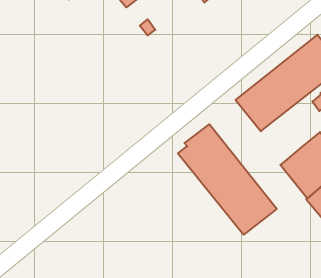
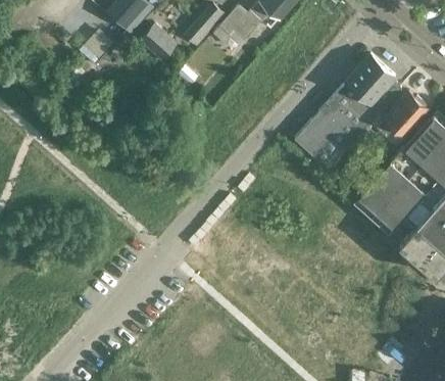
building: [178,124,277,235] -> none

